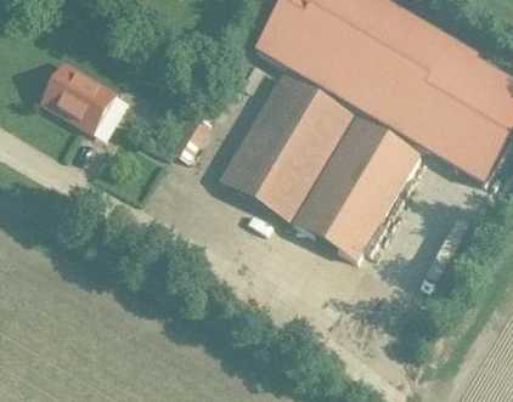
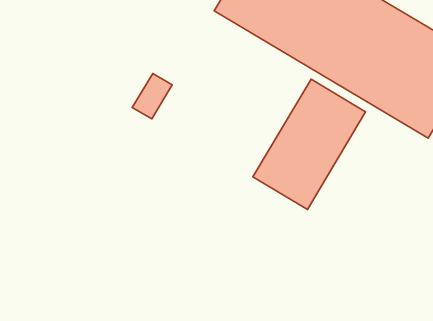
building: [41,61,115,129] -> none
building: [221,73,360,222] -> none

